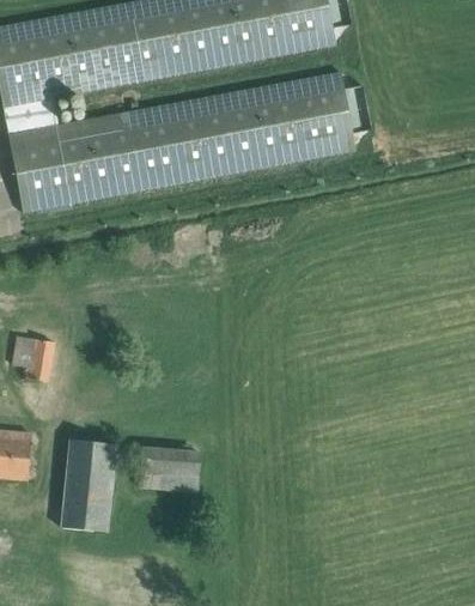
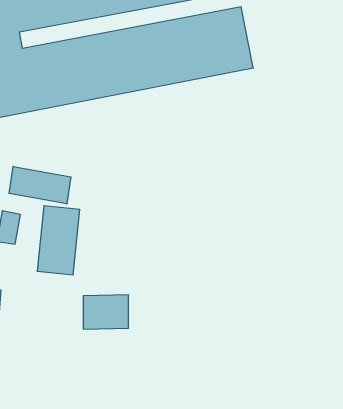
building: none -> [9,166,71,204]
building: [59,441,114,531] -> [37,206,80,275]

